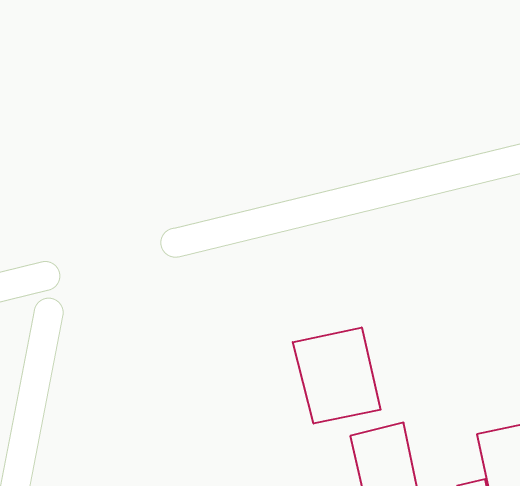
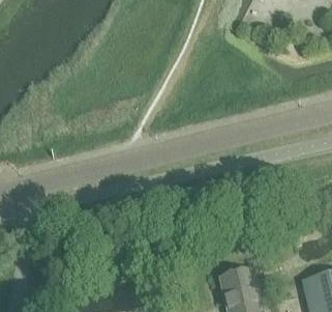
building: [293,327,381,424] -> none

